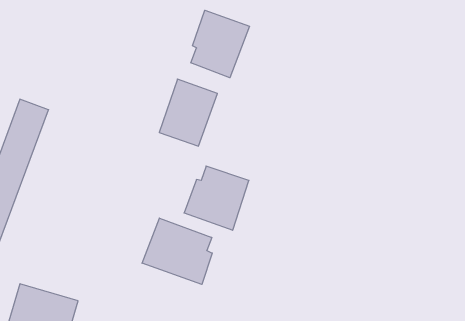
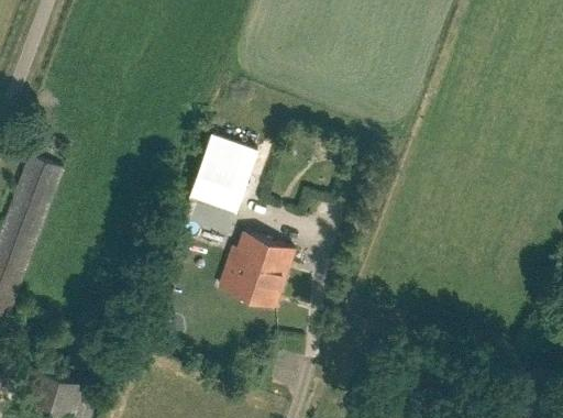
building: [191,10,249,78] -> none
building: [142,218,212,284] -> none

